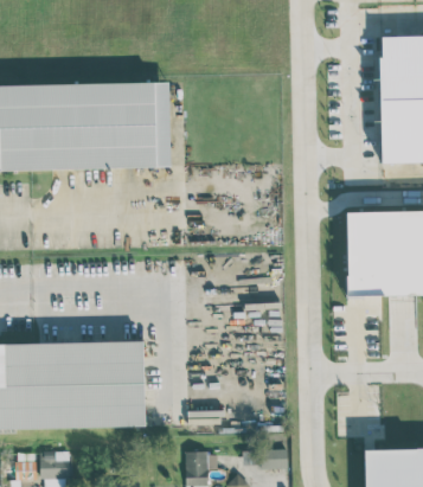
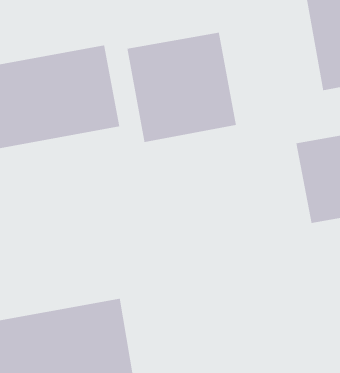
building: none -> [127,32,236,143]

